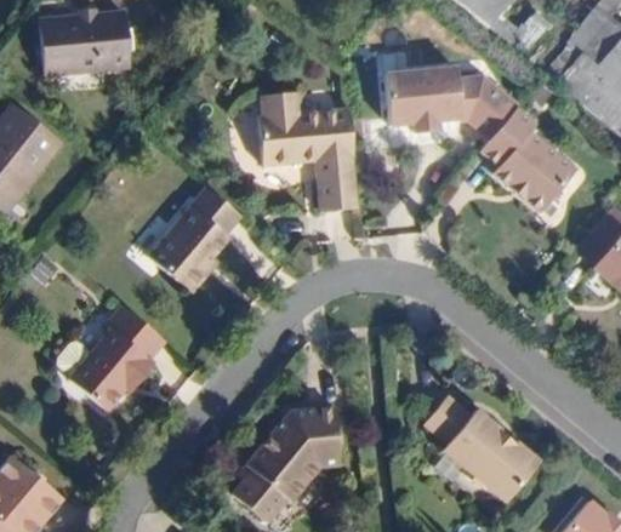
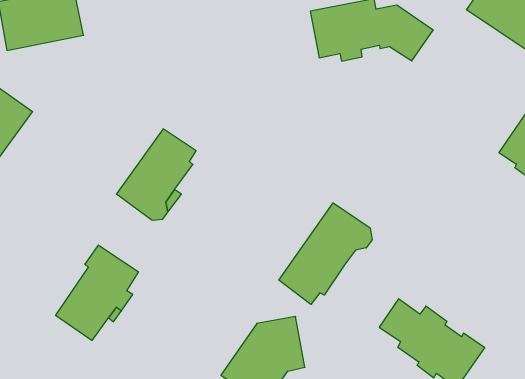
building: [257,92,358,210] -> none
building: [480,104,575,208] -> none
building: none -> [279,203,372,304]

